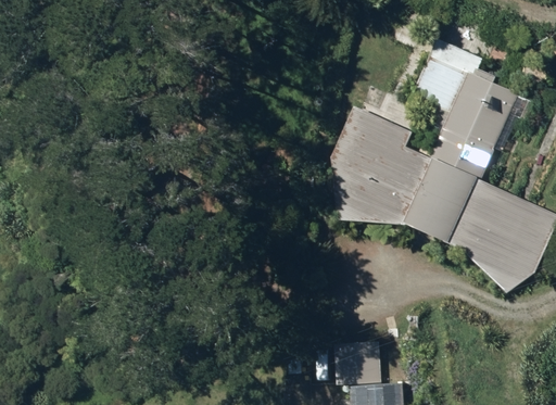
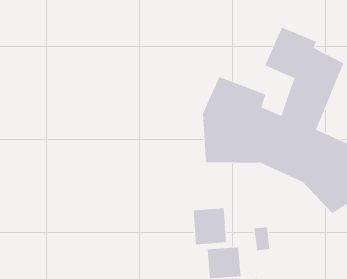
building: none -> [193,207,226,245]

